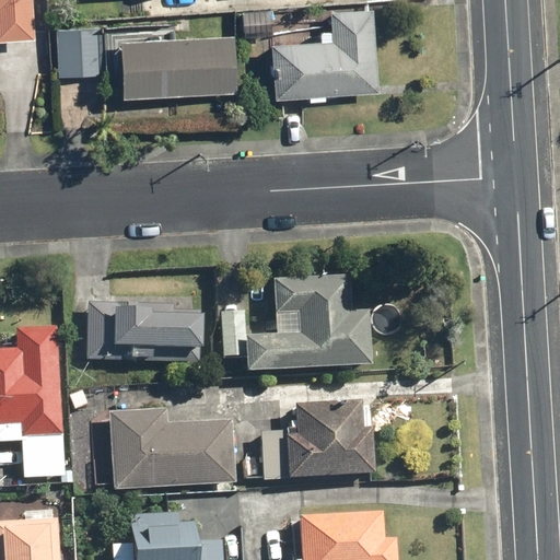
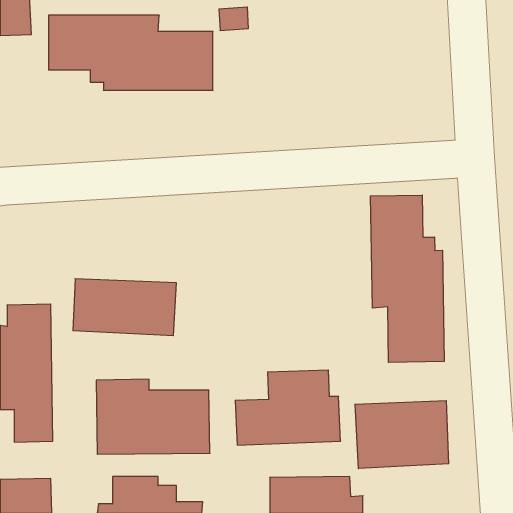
building: [269,8,377,96] -> none
building: none -> [370,195,444,362]
building: [220,276,369,370] -> none
building: none -> [355,401,449,469]

